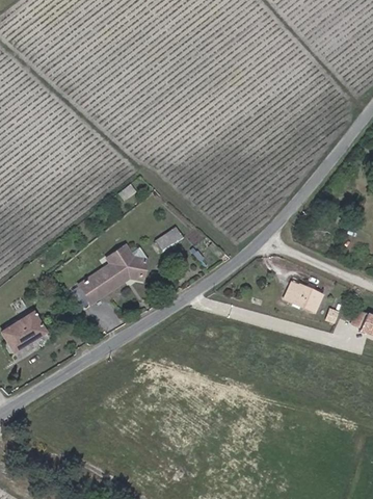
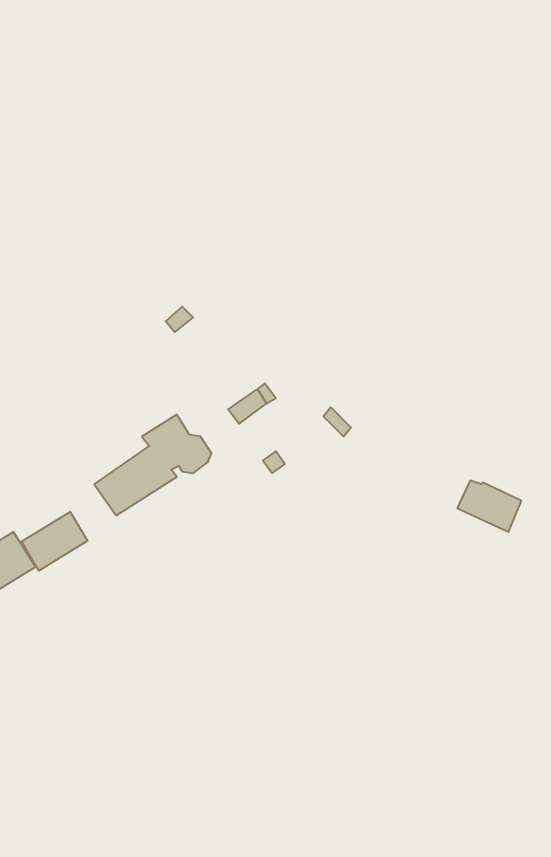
building: none -> [22,512,87,571]

